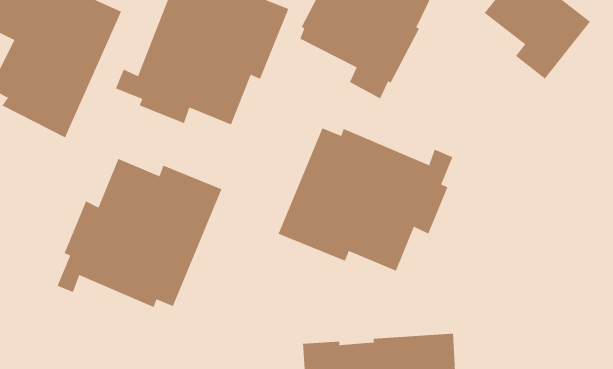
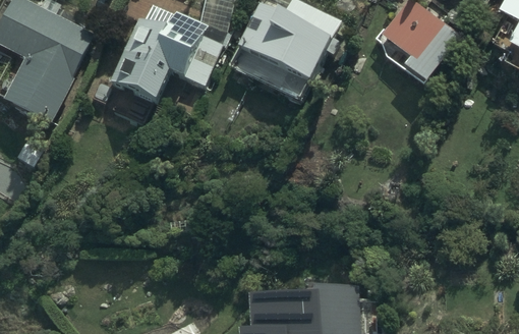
building: [278,127,453,272] -> none
building: [57,158,222,308] -> none

